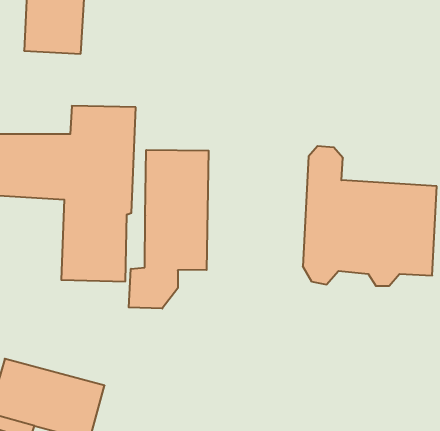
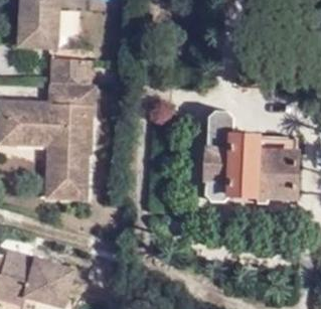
building: none -> [50,57,94,83]
building: [129,150,209,309] -> none

